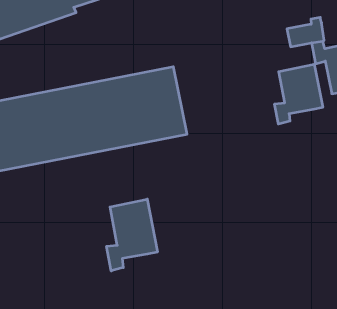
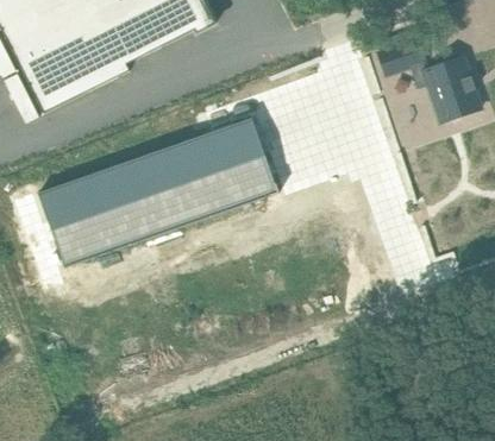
building: [275,64,323,124] -> none
building: [107,199,157,271] -> none

